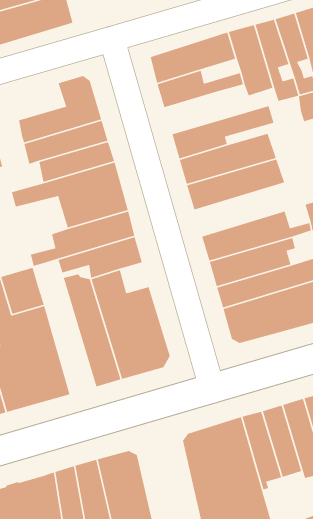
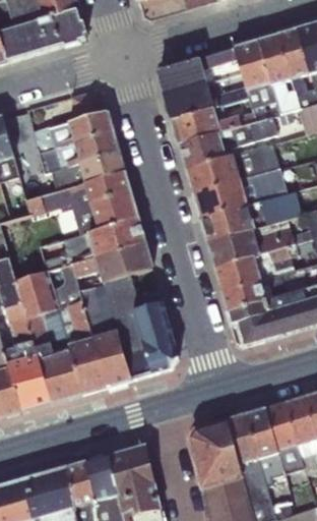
building: none -> [172,104,255,143]
building: none -> [200,188,302,241]
building: none -> [52,264,107,393]

